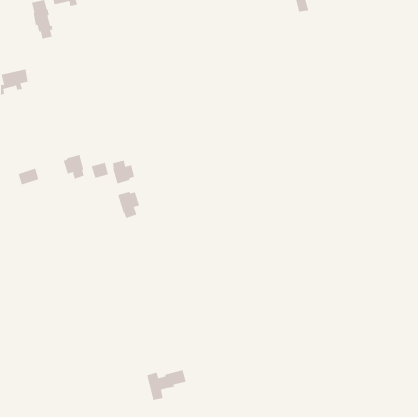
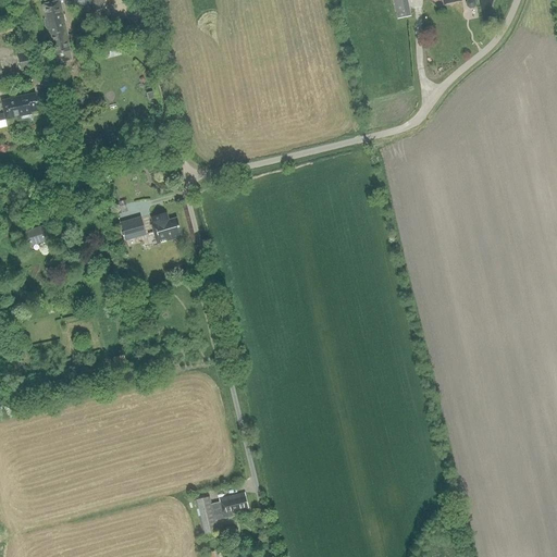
building: [63,154,84,179] -> none
building: [118,191,140,219] -> none

